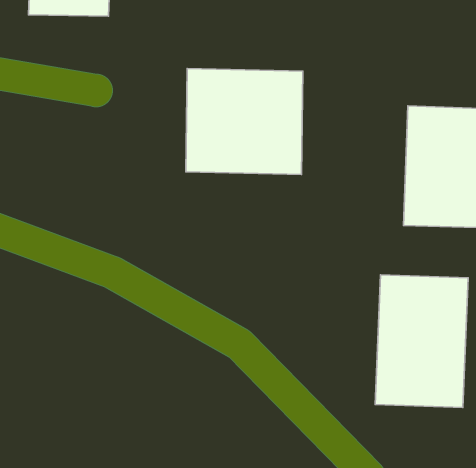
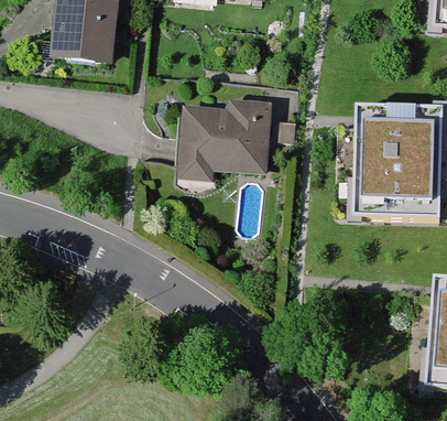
building: [375,275,468,407] -> none

